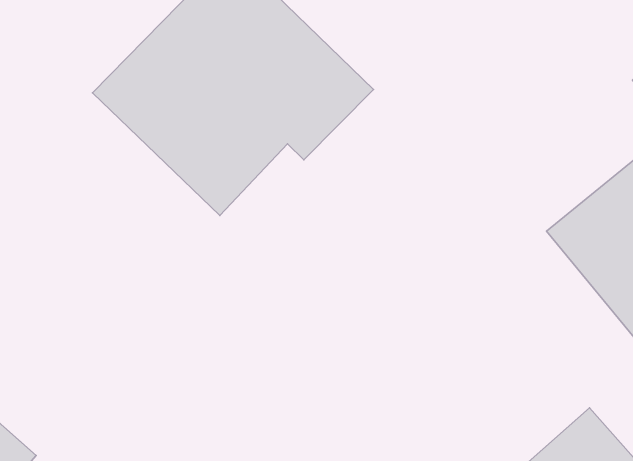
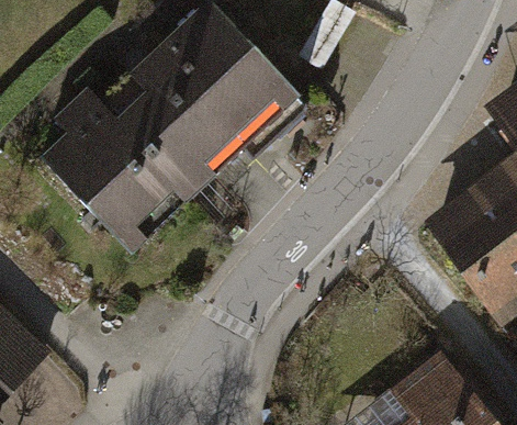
building: none -> [42,85,190,248]

